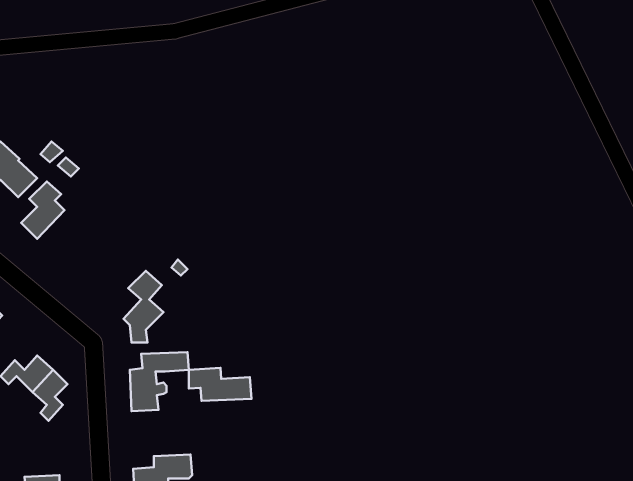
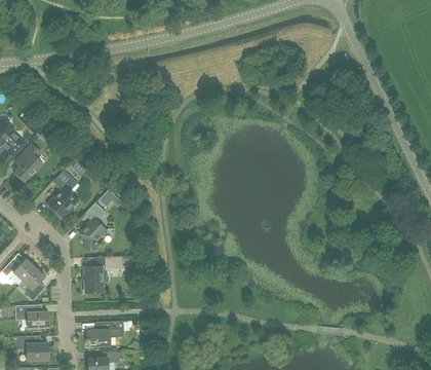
building: none -> [48,170,78,217]
building: [189,368,252,401] -> none
building: none -> [14,304,47,326]

